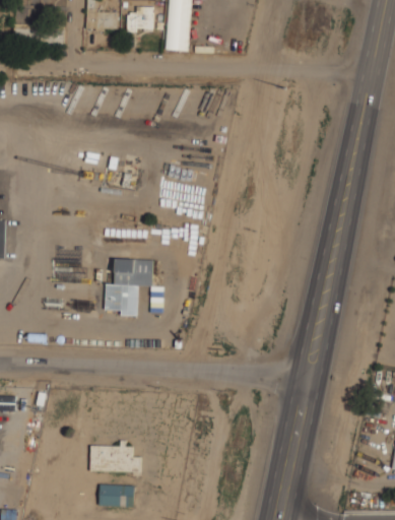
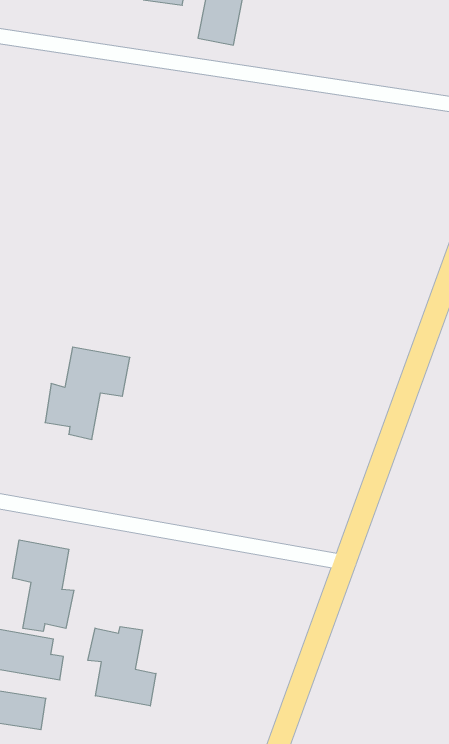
building: none -> [13,540,74,631]
building: none -> [88,627,156,706]

